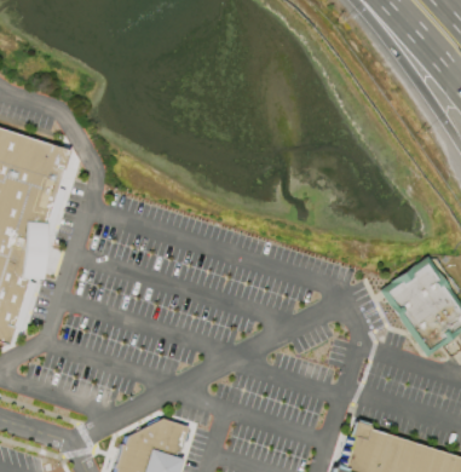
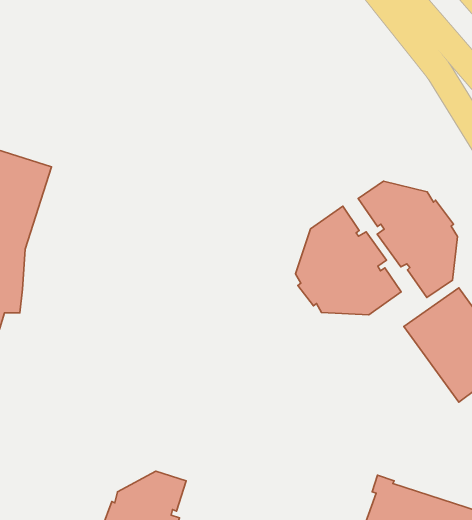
building: none -> [358,181,458,298]
building: none -> [296,206,401,315]

